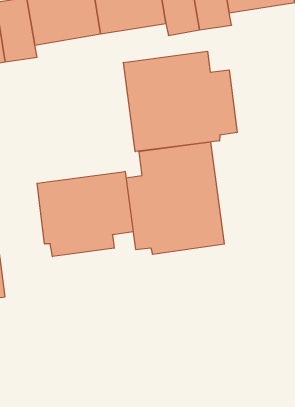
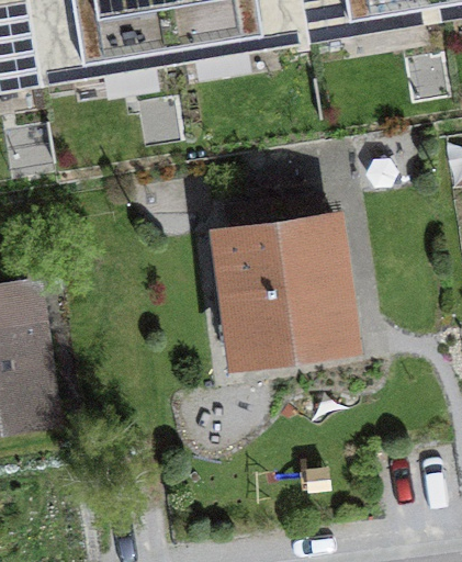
building: [123,51,237,152] -> none
building: [37,171,133,257] -> none

